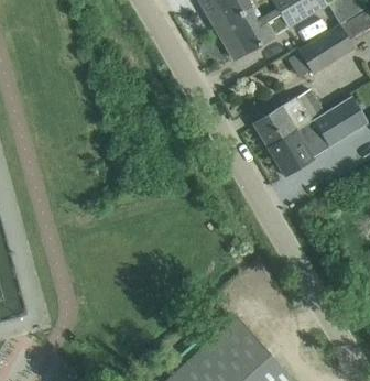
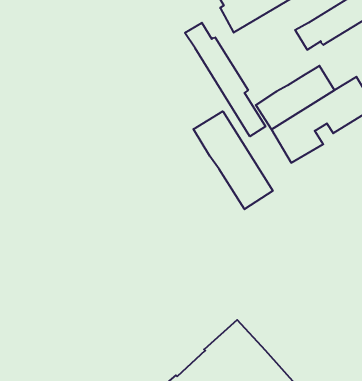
building: none -> [185,23,265,136]
building: none -> [193,111,273,209]

